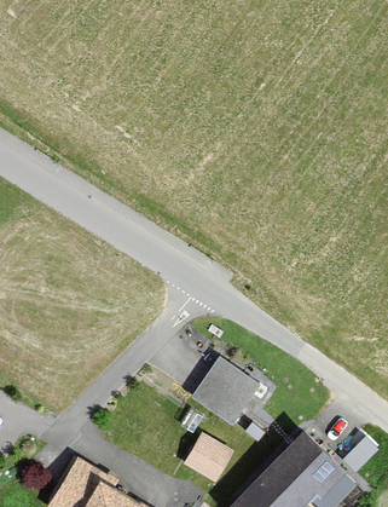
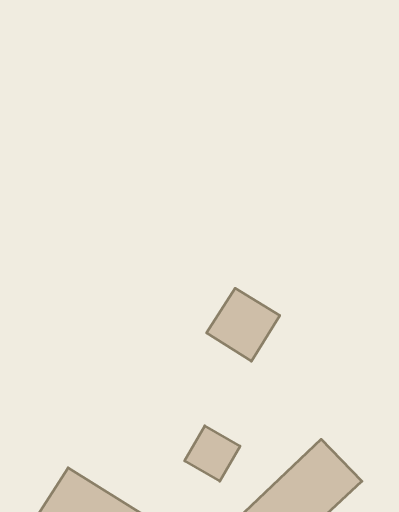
building: [190,358,255,424] -> [207,288,280,361]

